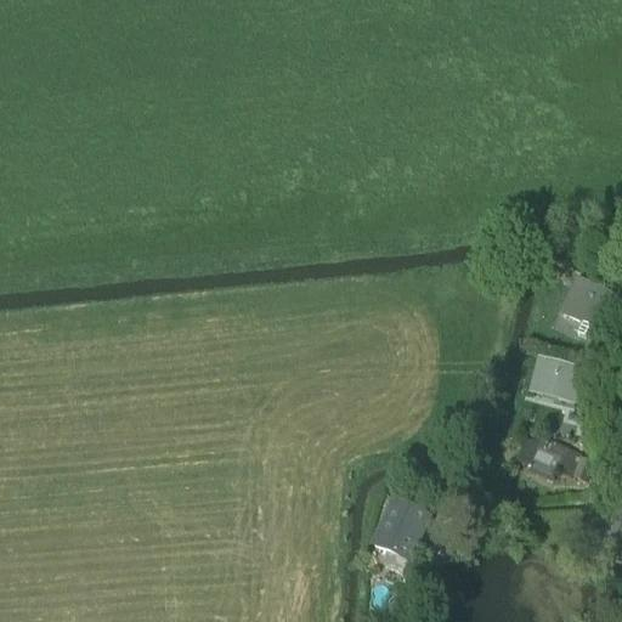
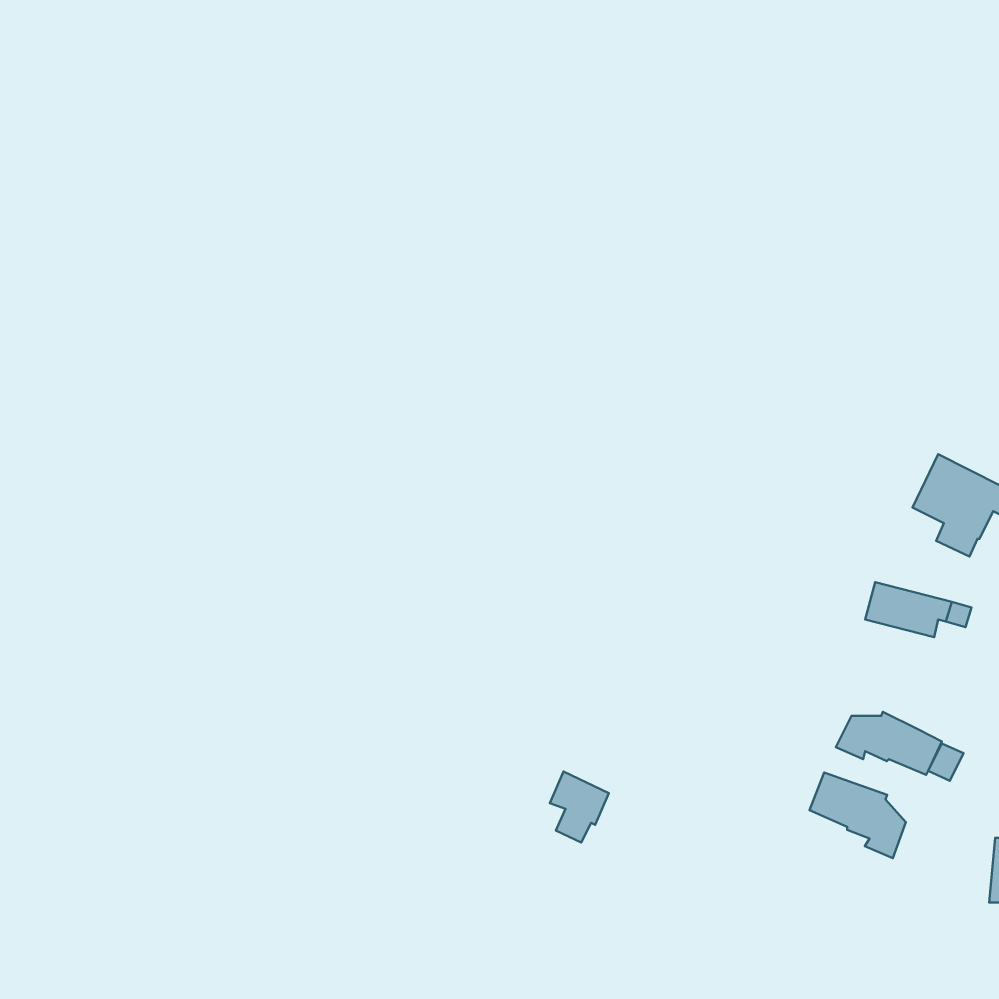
building: none -> [810,773,906,858]
building: [379,501,415,544] -> [550,772,609,842]

